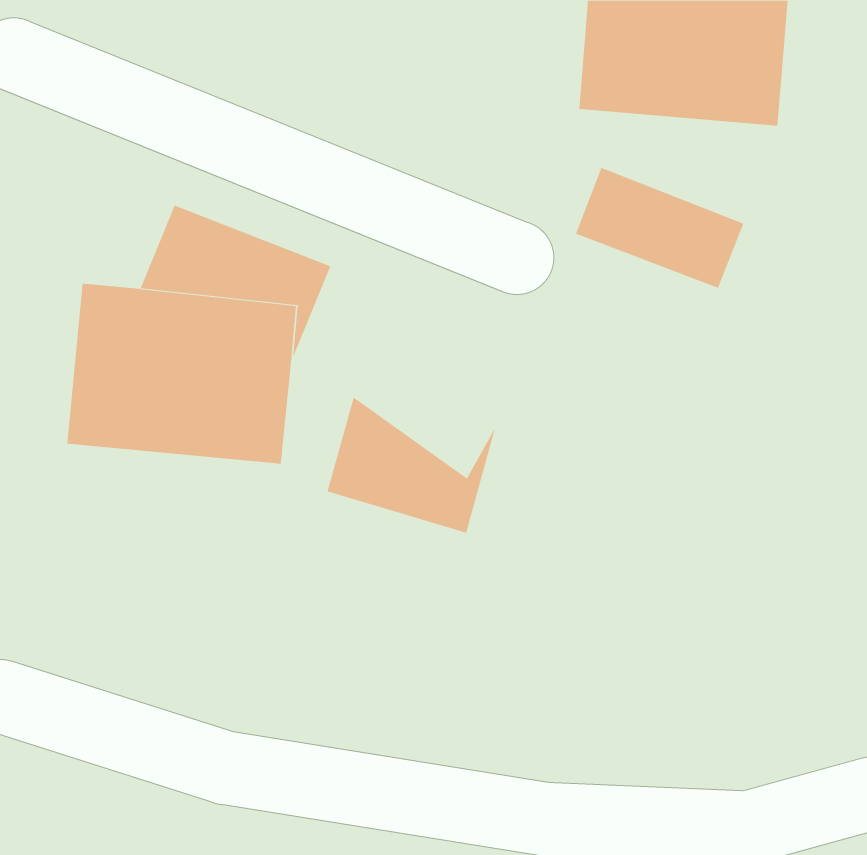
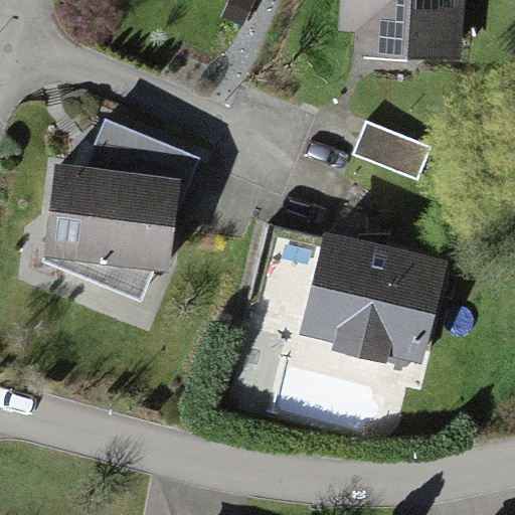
building: none -> [288,222,437,346]
building: [327,396,497,534] -> none

